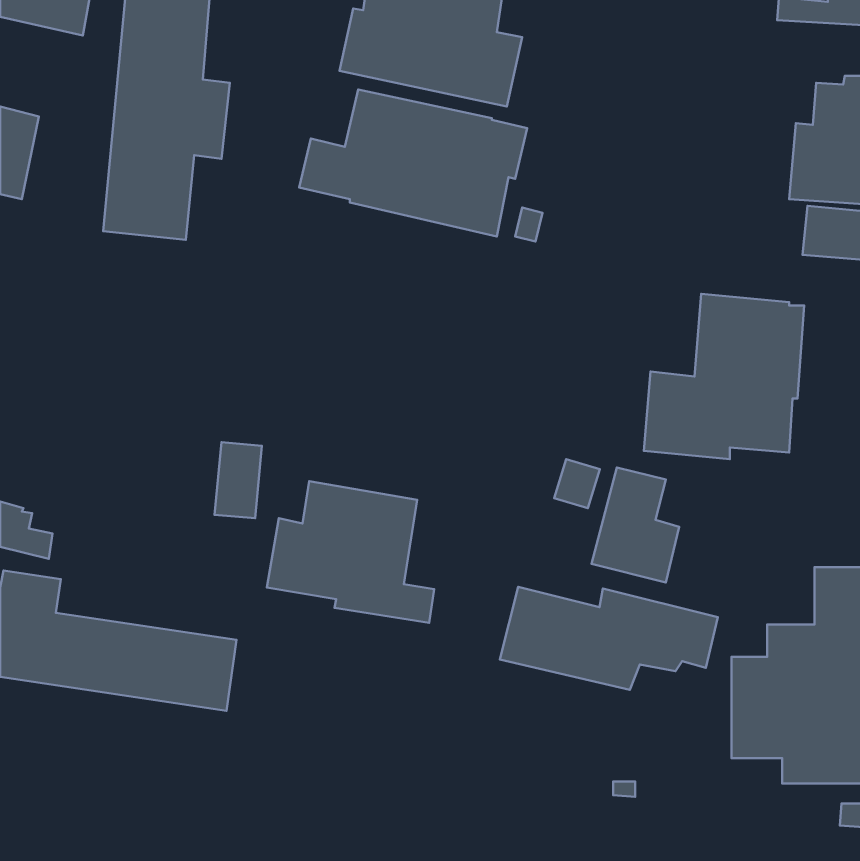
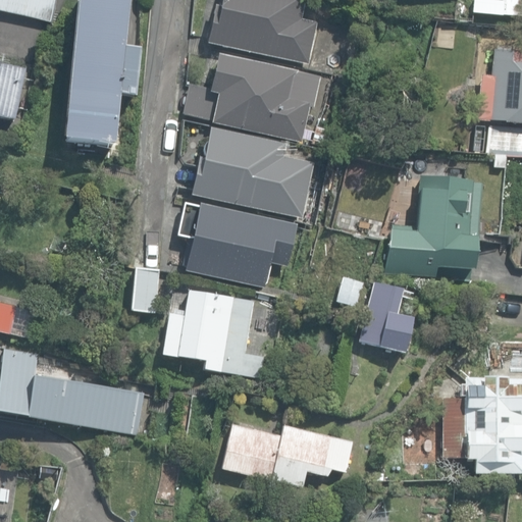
building: none -> [176,128,313,218]
building: none -> [179,202,298,288]
building: [500,587,718,690] -> [221,424,353,486]

